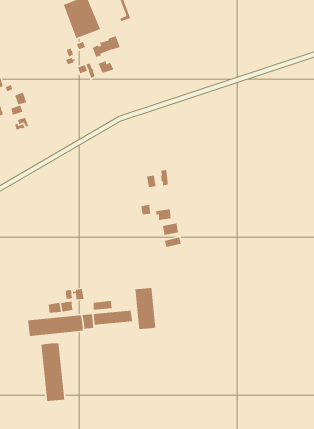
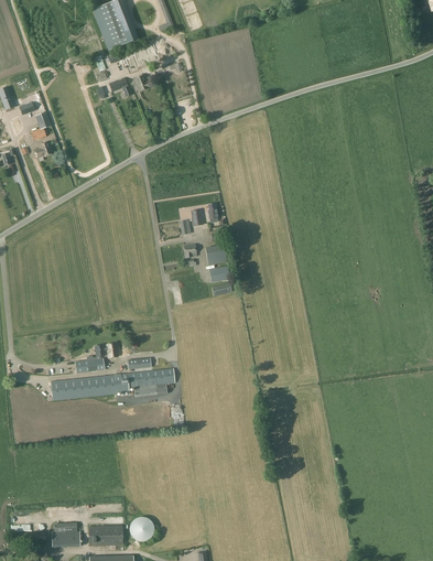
building: [135,287,156,330] -> none
building: [40,343,65,402] -> none

